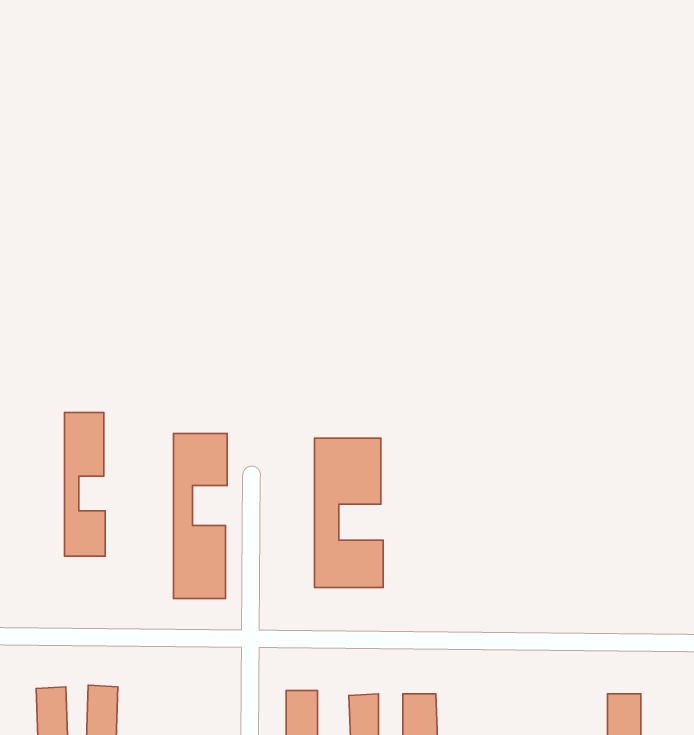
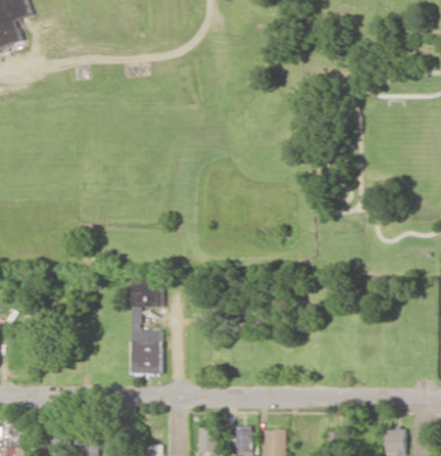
building: [64,413,105,556] -> none
building: [314,438,383,588] -> none

